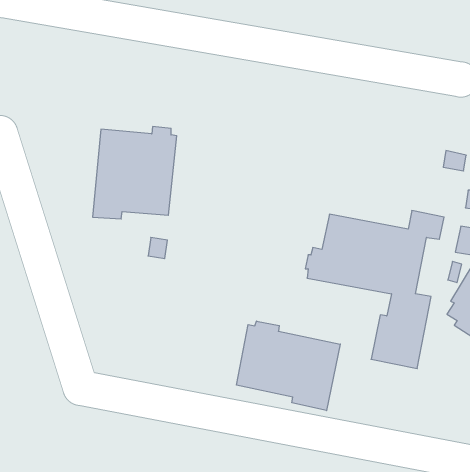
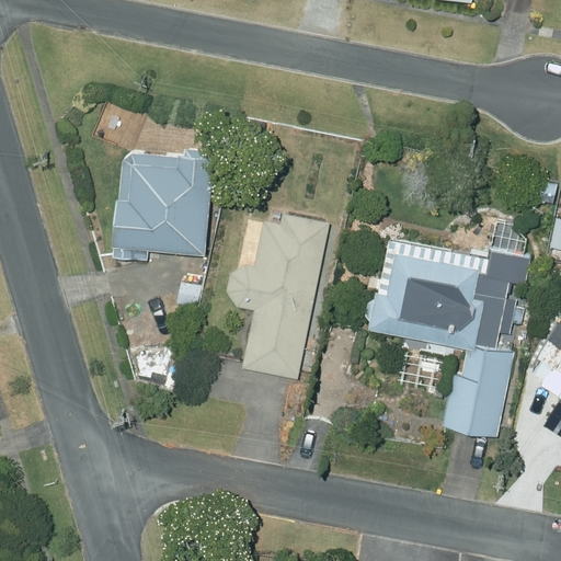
building: none -> [228,214,329,378]
building: [237,321,340,411] -> none

